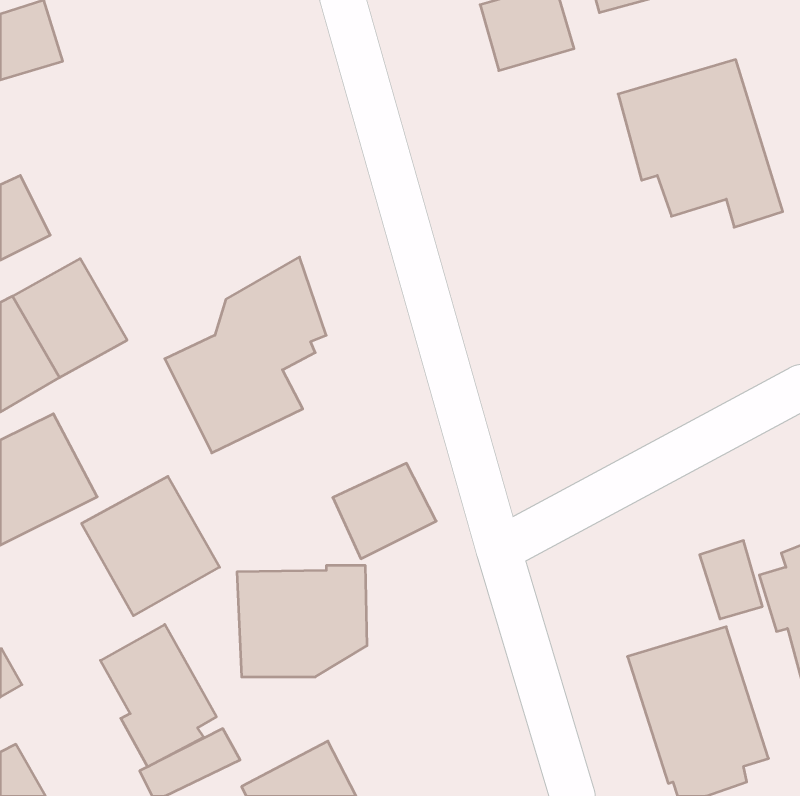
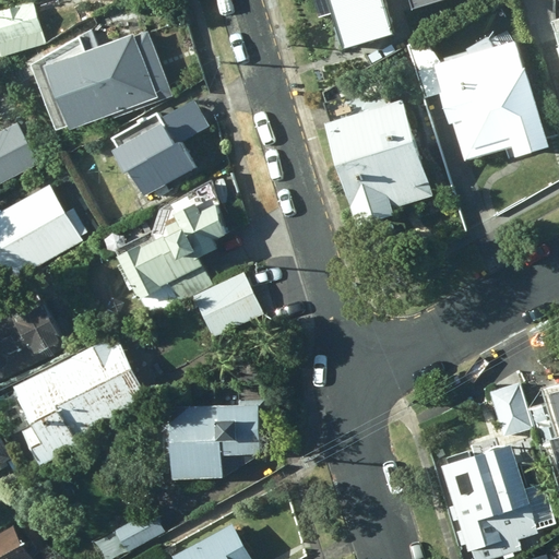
building: none -> [40,34,155,132]
building: none -> [320,100,426,227]
building: none -> [107,111,191,200]
building: [333,463,436,559] -> [191,272,263,338]
building: [100,624,216,767] -> [13,365,94,464]

